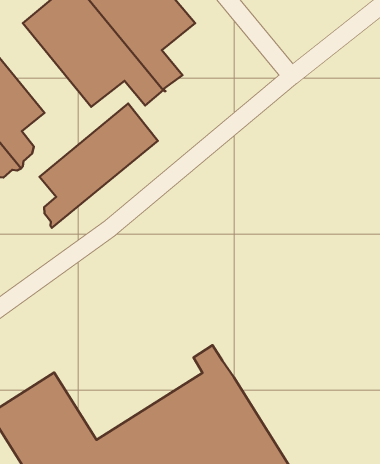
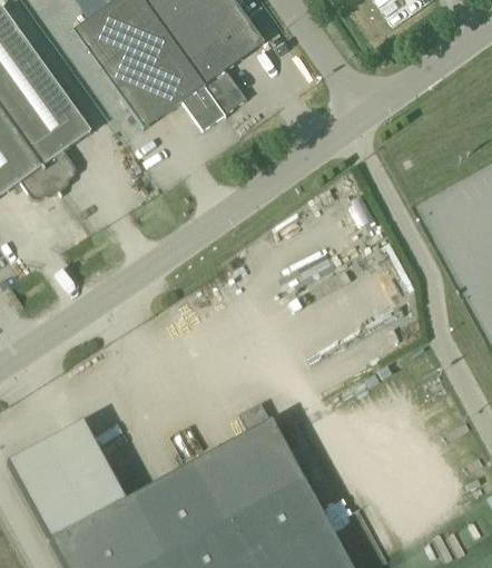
building: [39,104,158,228] -> none

